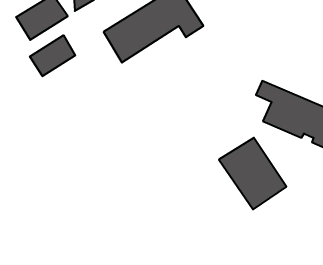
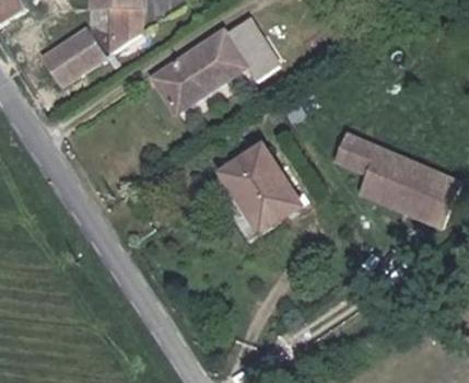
building: [30,35,75,76] -> none
building: [219,138,286,209] -> [222,142,306,232]

